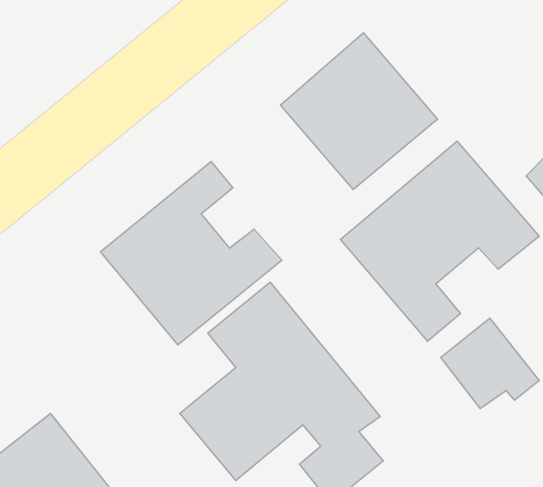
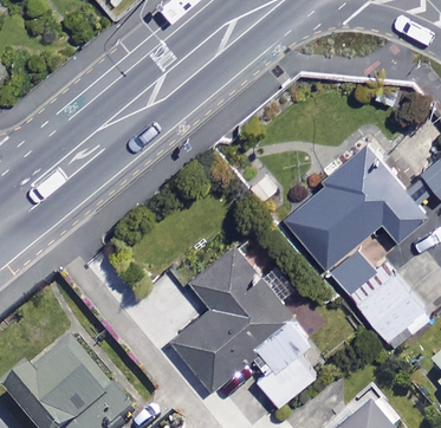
building: [281,33,437,190] -> none
building: [101,161,282,345] -> none

